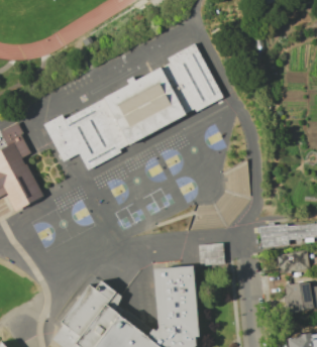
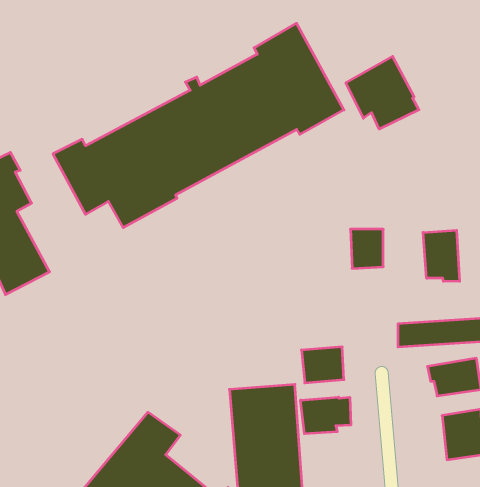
building: none -> [346,56,419,129]
building: none -> [423,230,460,281]
building: none -> [301,397,351,434]

